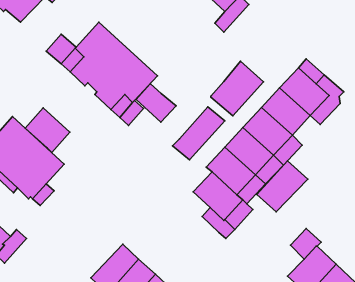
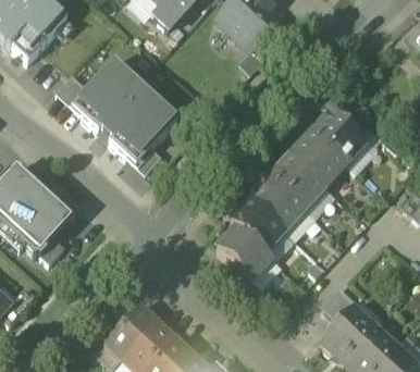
building: [211,61,263,116] -> none
building: [136,84,176,122] -> none
building: [173,107,225,160] -> none
building: [25,108,70,153] -> none
building: [257,161,308,212] -> none

